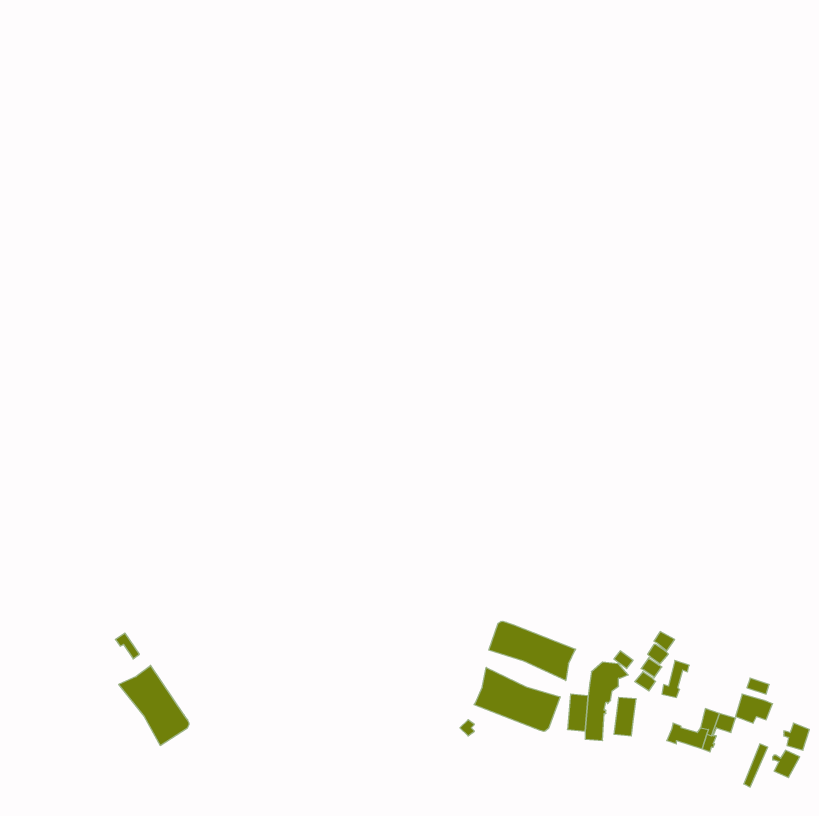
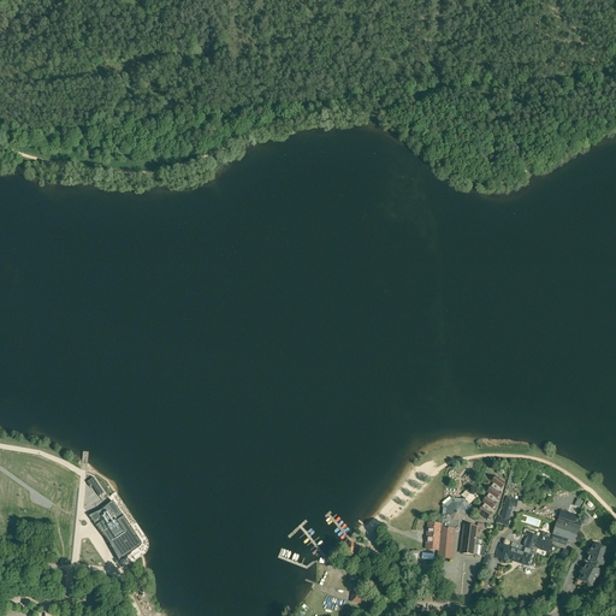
building: [489,621,576,681] -> none
building: [474,667,560,731] -> none

